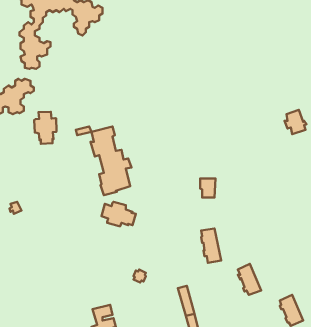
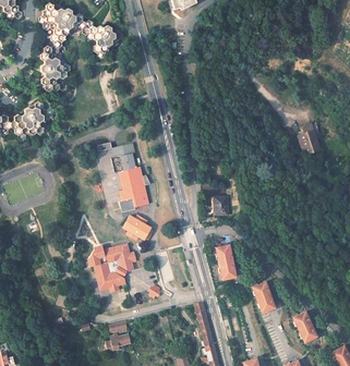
building: [34,112,57,144] -> none
building: none -> [89,244,138,293]

